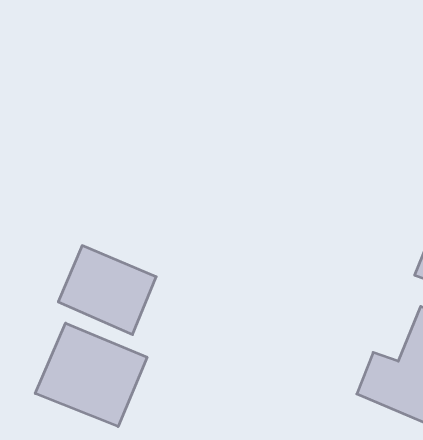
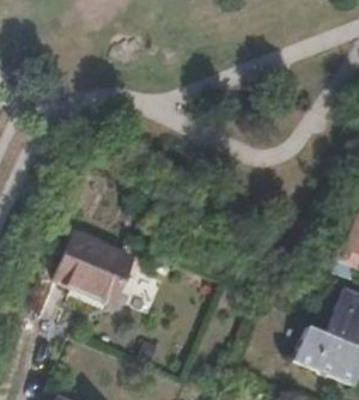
building: [35,323,147,427] -> none

